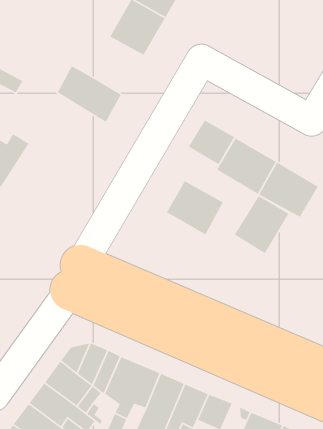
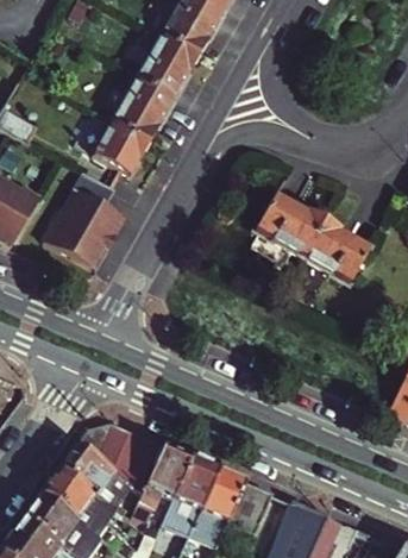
building: none -> [108,79,171,144]
building: [188,119,235,165] -> none
building: none -> [46,173,127,268]
building: [166,180,224,236] -> none
building: [234,195,289,254] -> none

